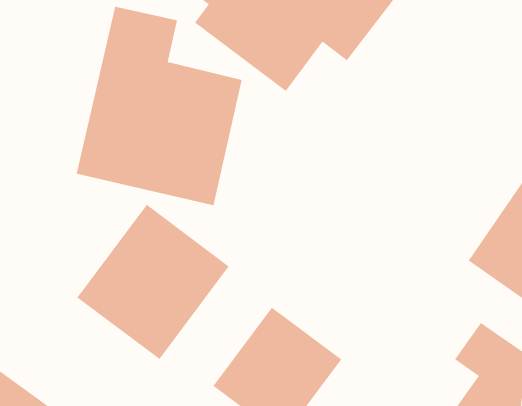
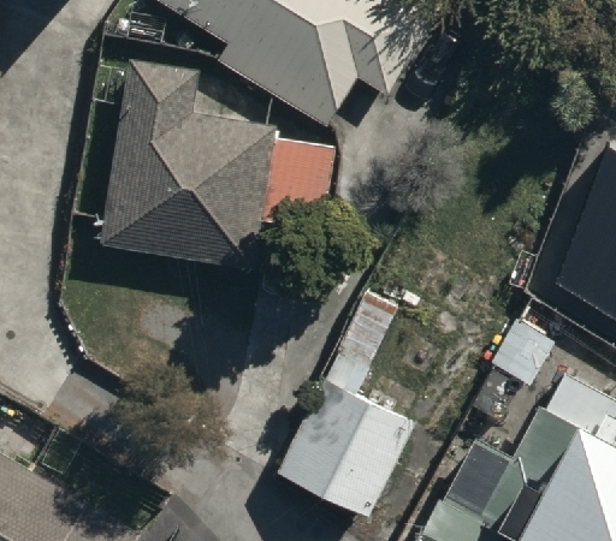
building: [77,204,230,360] -> none

